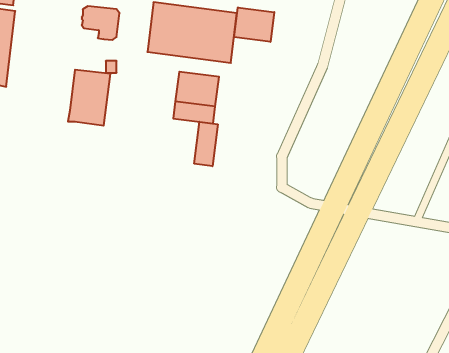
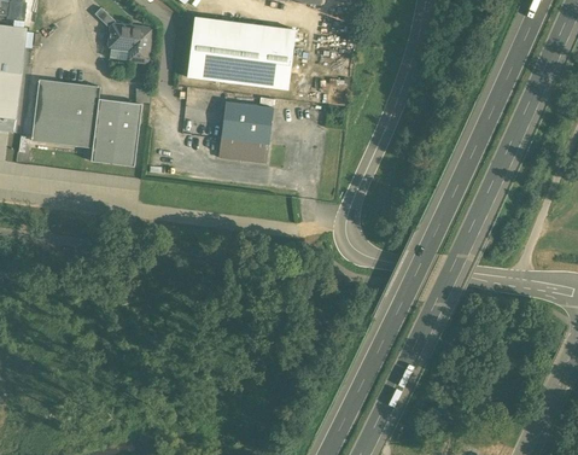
building: [234,7,274,42] -> none
building: none -> [30,78,99,147]
building: [194,122,218,166] -> none

